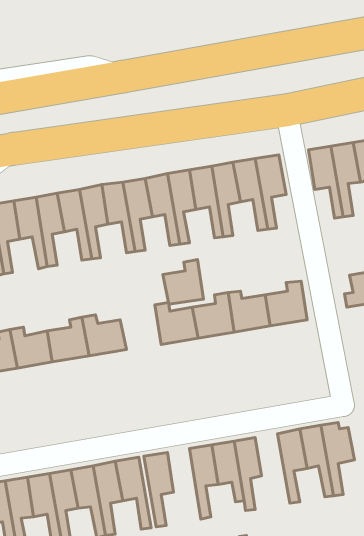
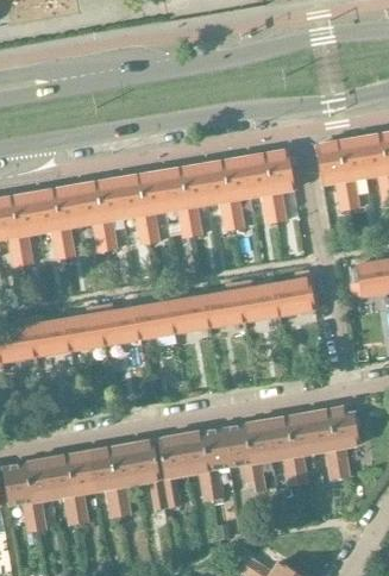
building: [163,260,204,304] -> [134,294,174,337]
building: none -> [264,418,297,487]
building: none -> [180,432,212,501]

